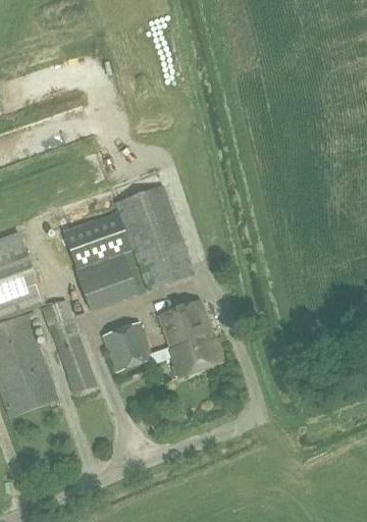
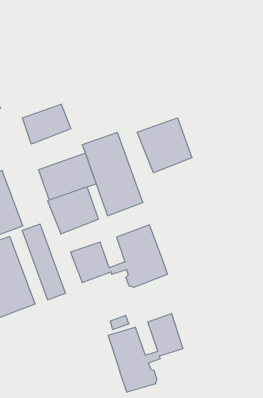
building: none -> [22,104,71,144]
building: none -> [137,118,192,173]
building: none -> [108,313,183,392]

